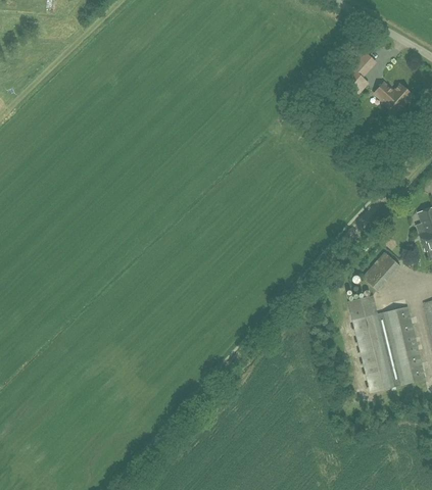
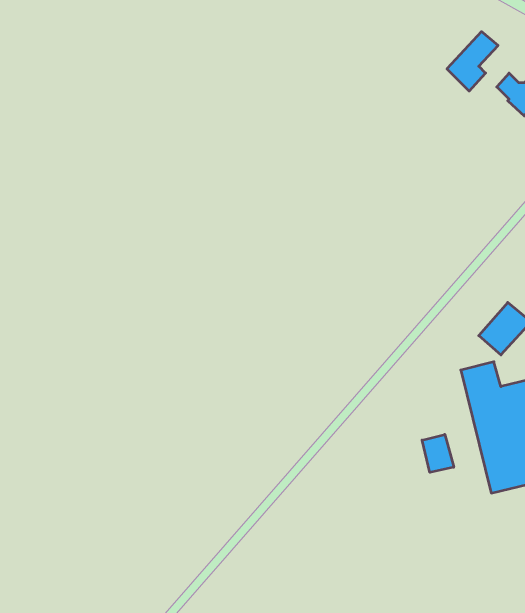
building: none -> [422,434,454,472]

